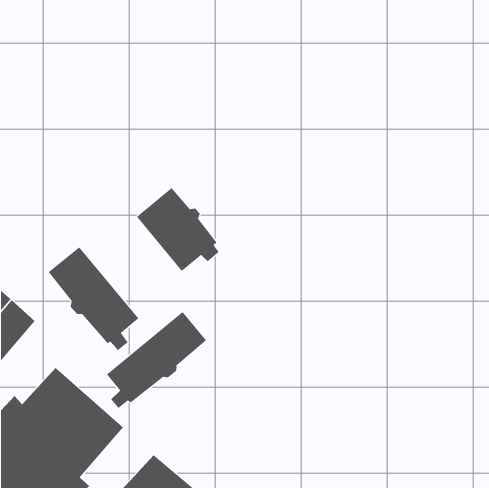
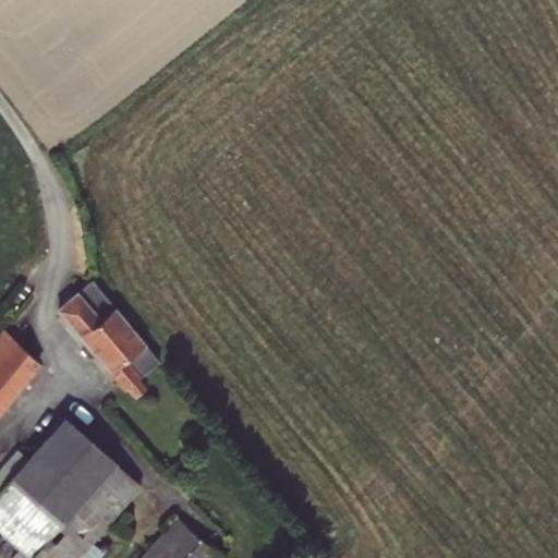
building: [136,187,220,272] -> none
building: [106,311,207,409] -> none

